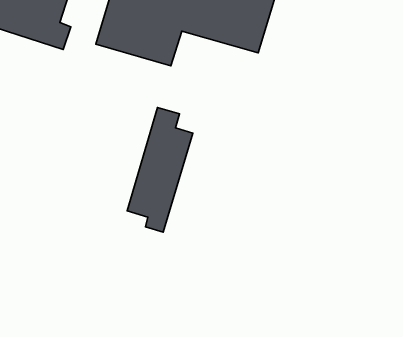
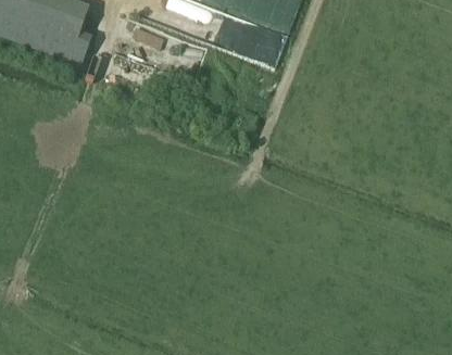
building: [127,108,193,232] -> none

